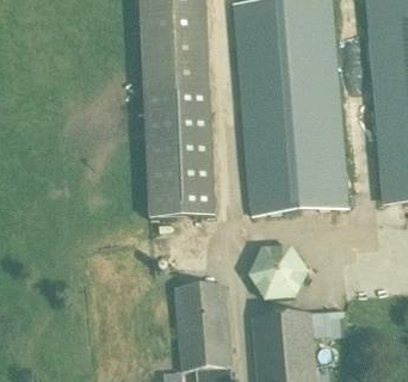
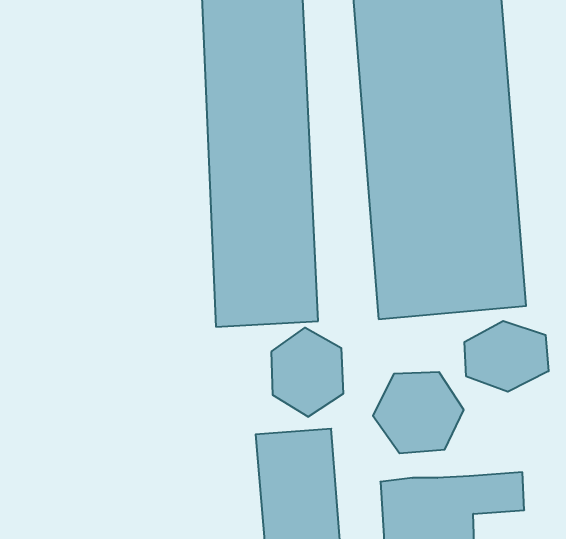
building: none -> [464,321,549,392]
building: none -> [272,328,343,417]

